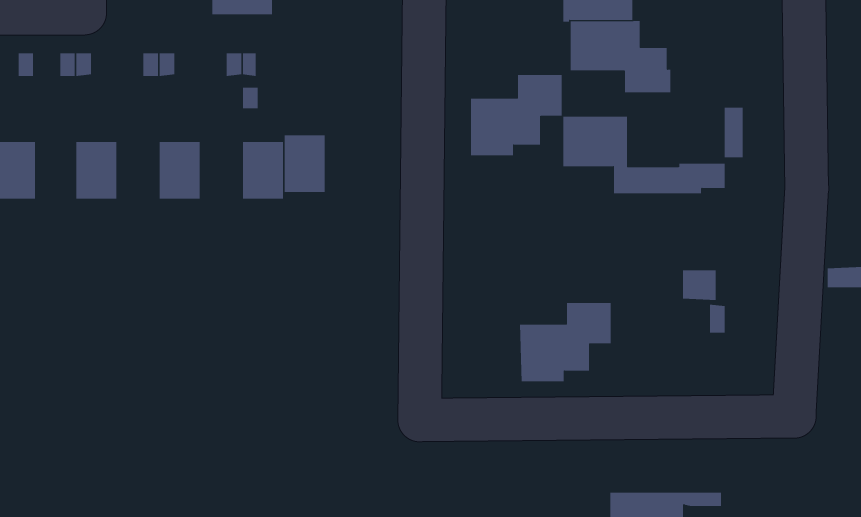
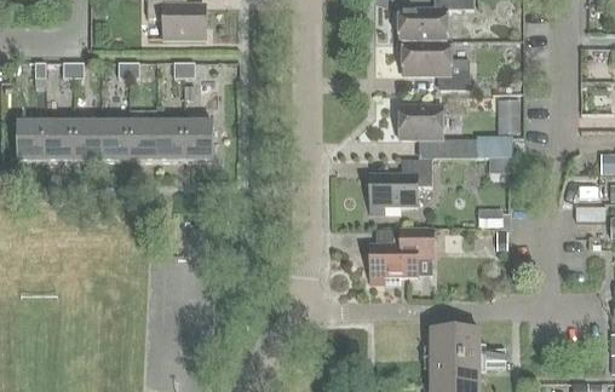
building: [470,75,563,156] -> [369,157,431,212]
building: [284,135,325,193] -> [156,121,184,160]
building: none -> [46,121,73,160]
building: none -> [100,121,128,160]
building: none -> [430,328,505,356]

